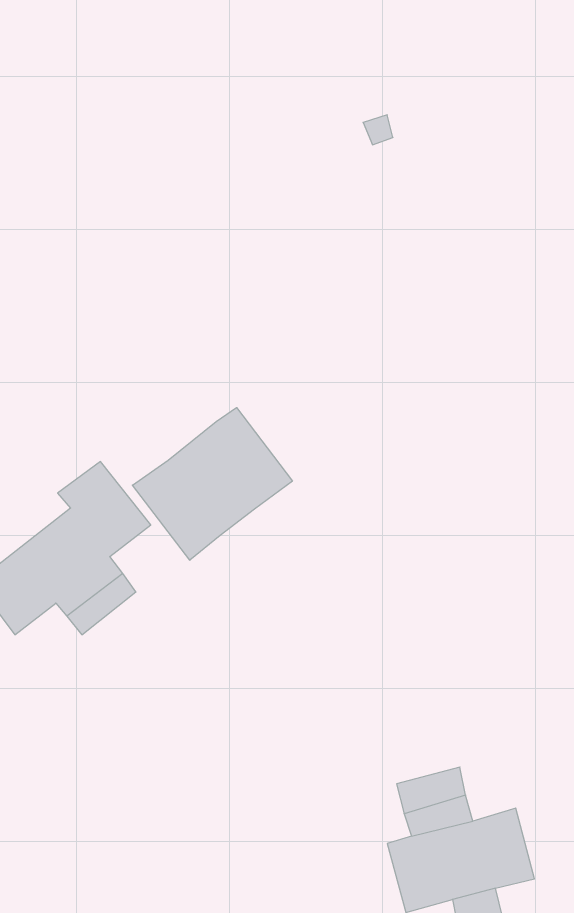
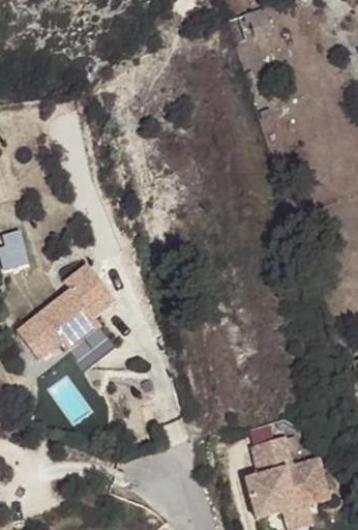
building: [132,408,292,560] -> none

